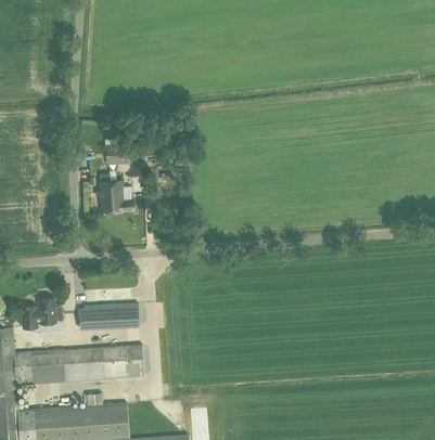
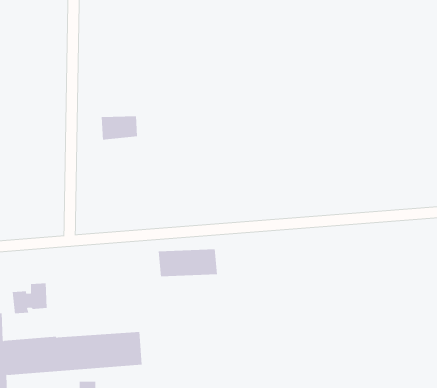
building: [100,180,136,211] -> none
building: [84,302,140,328] -> [158,249,218,277]

